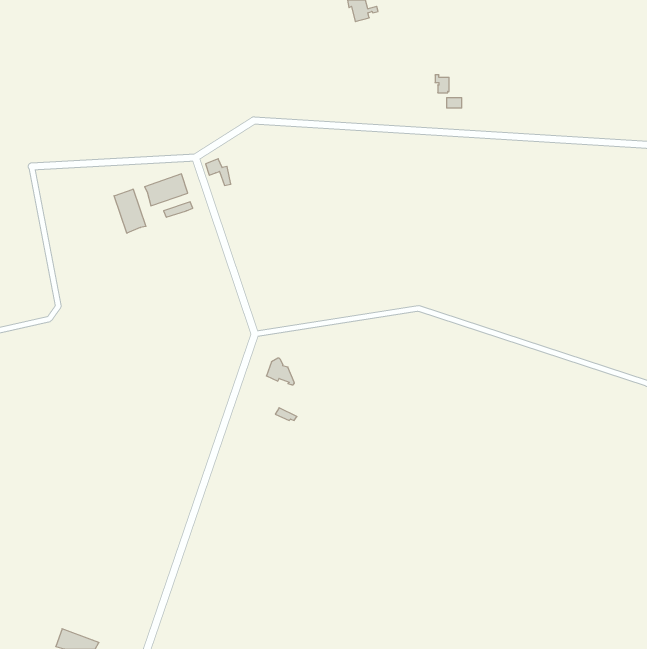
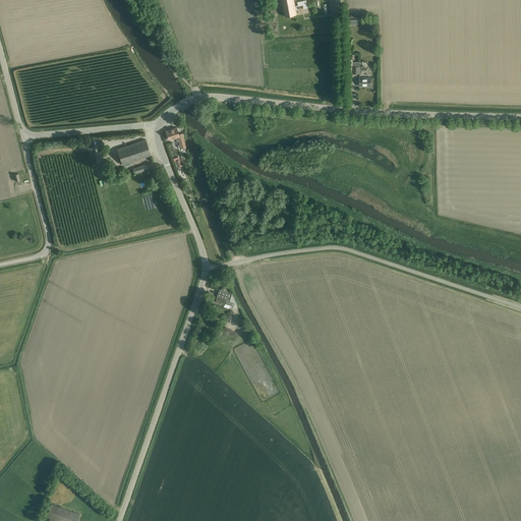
building: [114,189,146,233] -> none

